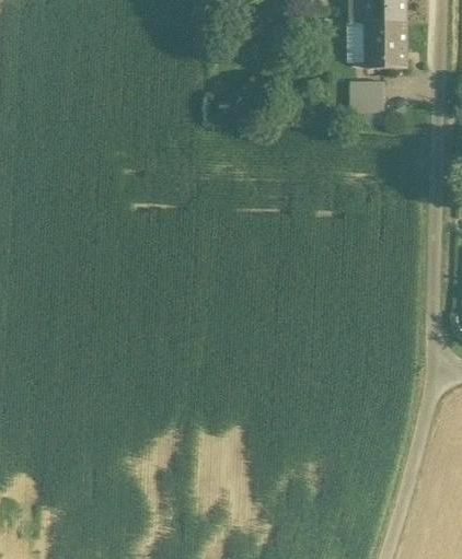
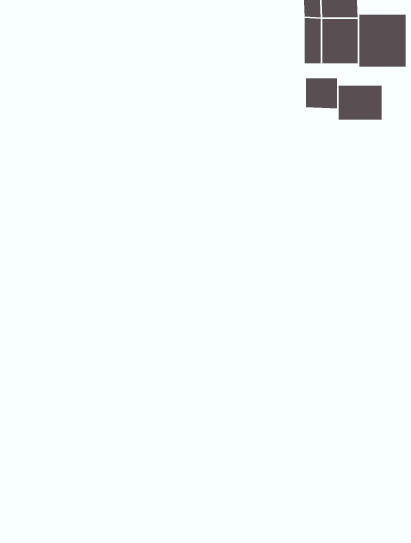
building: none -> [359,14,406,68]
building: none -> [338,85,382,120]

